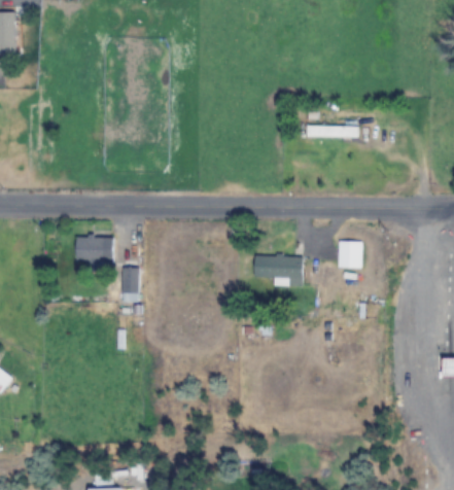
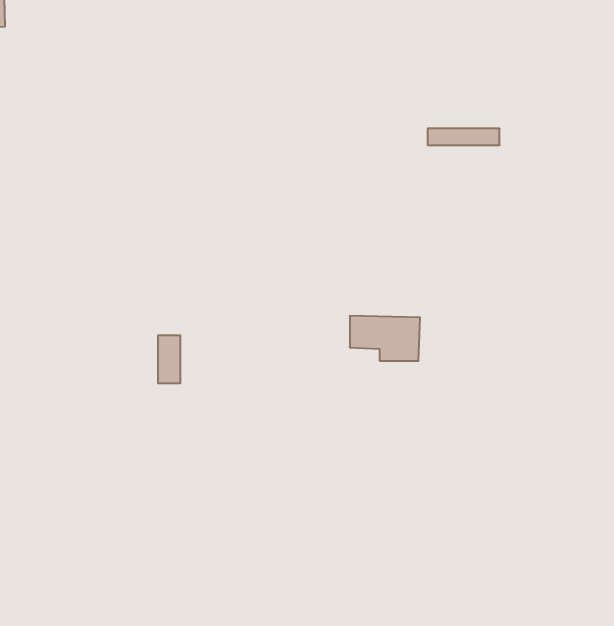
building: [75,236,104,260] -> none
building: [338,241,361,268] -> none

